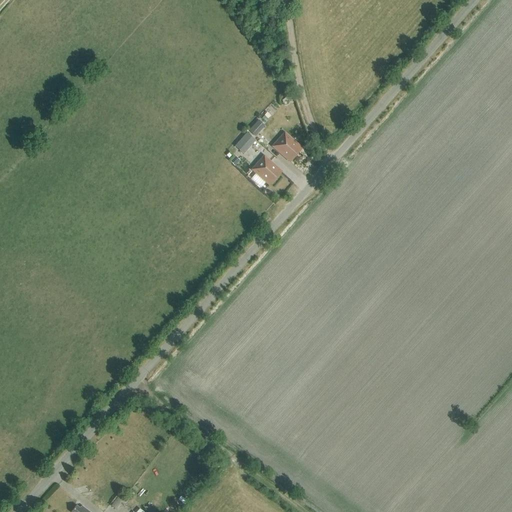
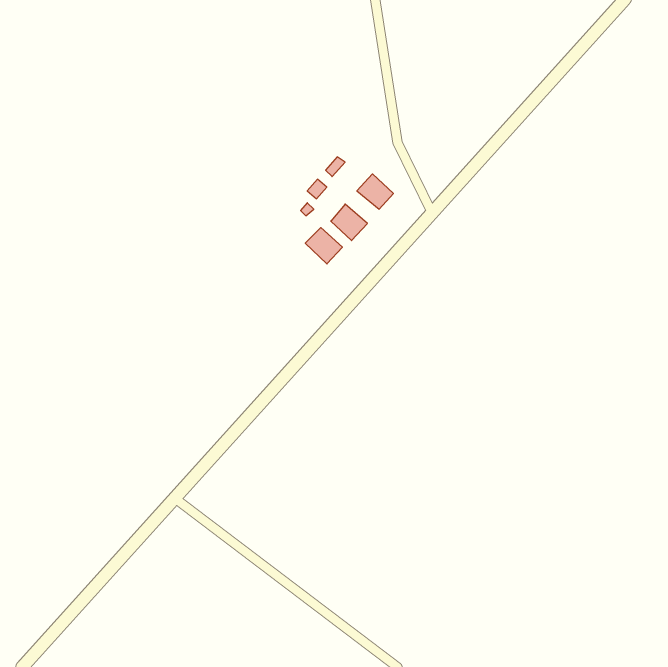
building: none -> [305,228,342,264]

